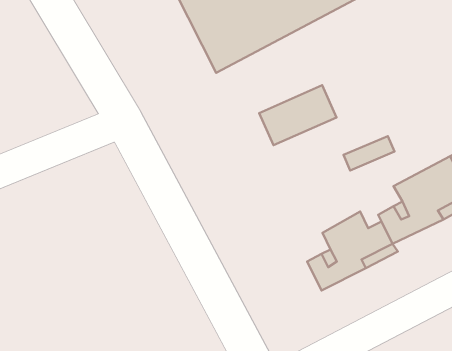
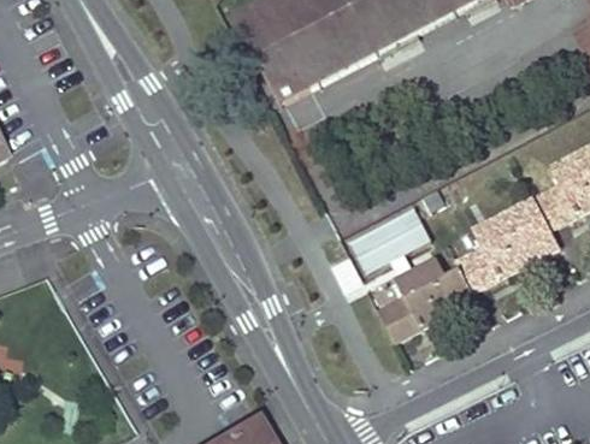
building: [259,85,337,145] -> [352,203,436,268]

